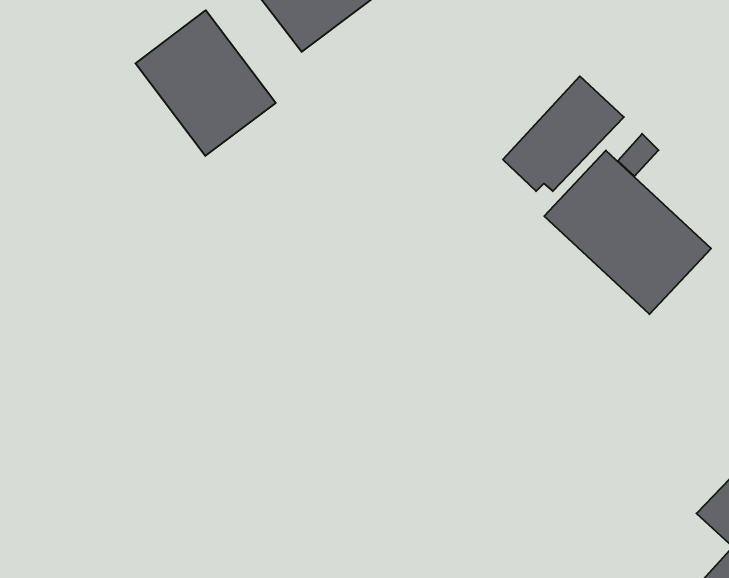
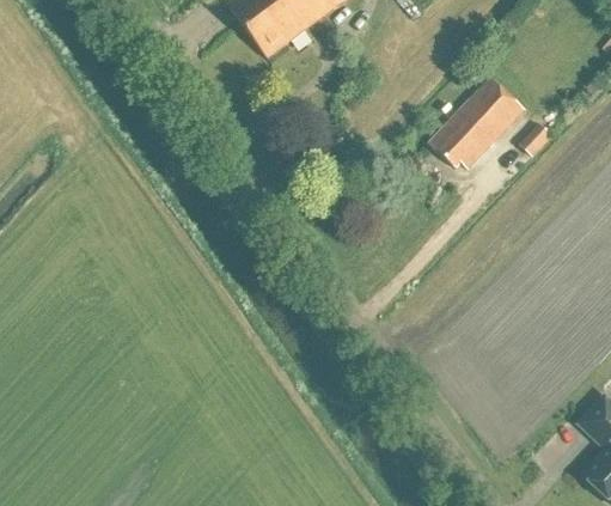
building: [135,10,276,156] -> none
building: [544,150,711,314] -> none

